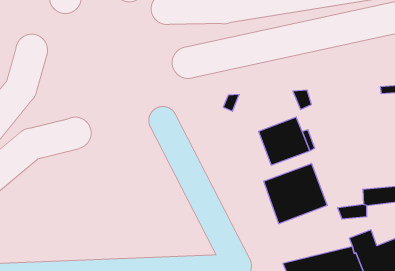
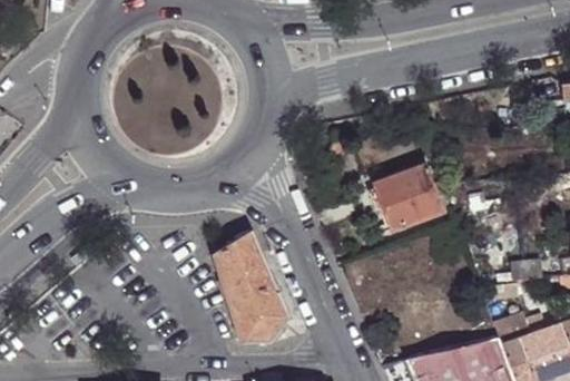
building: [264,163,327,224] -> none
building: none -> [214,229,288,343]

